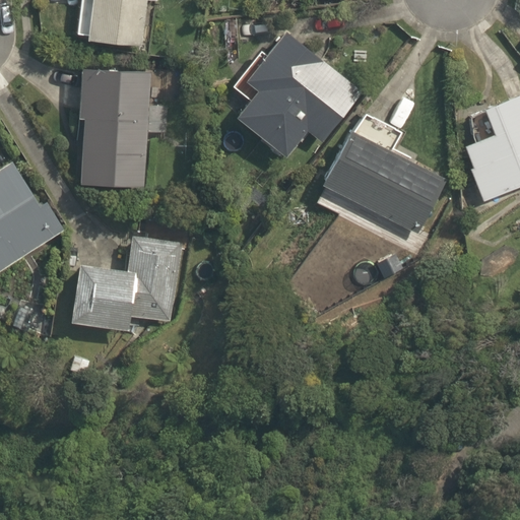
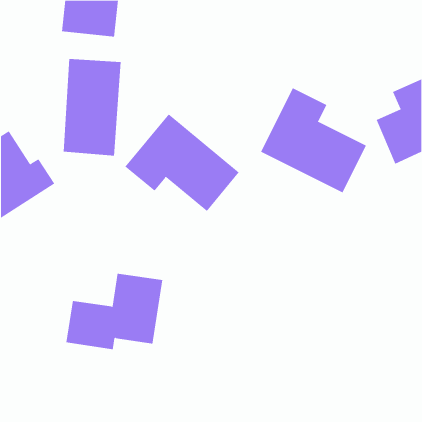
building: [235,27,364,158] -> none
building: none -> [125,113,240,212]
building: [67,237,187,331] -> [66,273,163,350]

